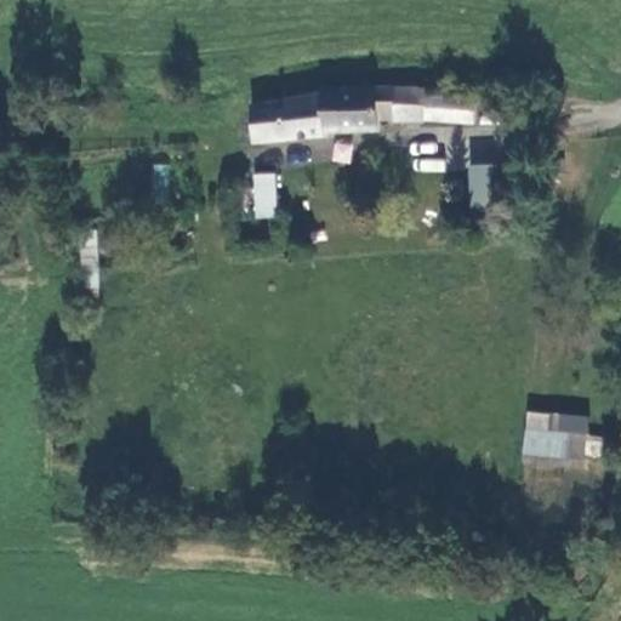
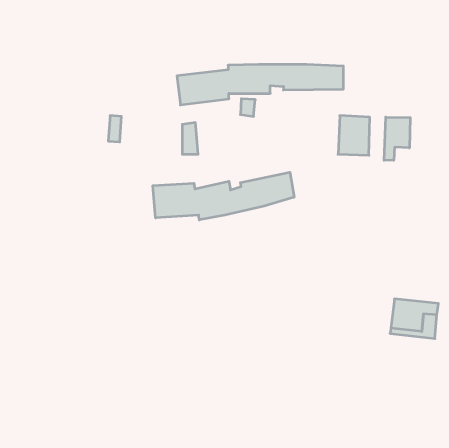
building: none -> [384,117,410,160]
building: none -> [153,172,294,220]

